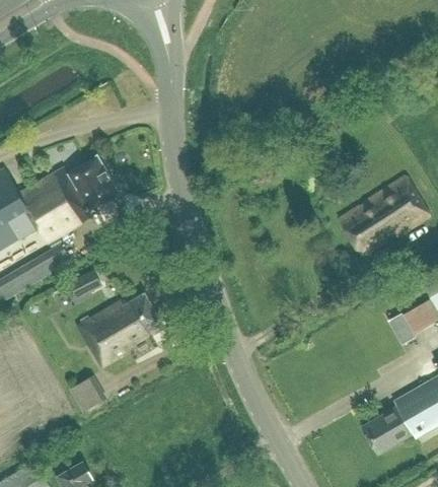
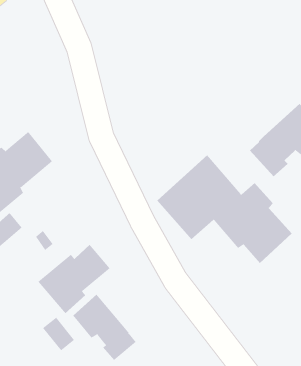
building: none -> [157,154,293,264]
building: none -> [72,294,136,361]

